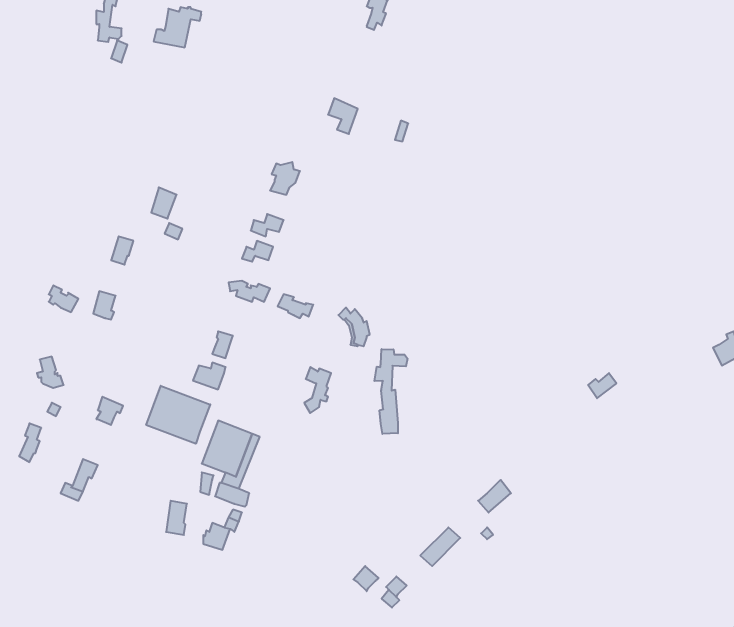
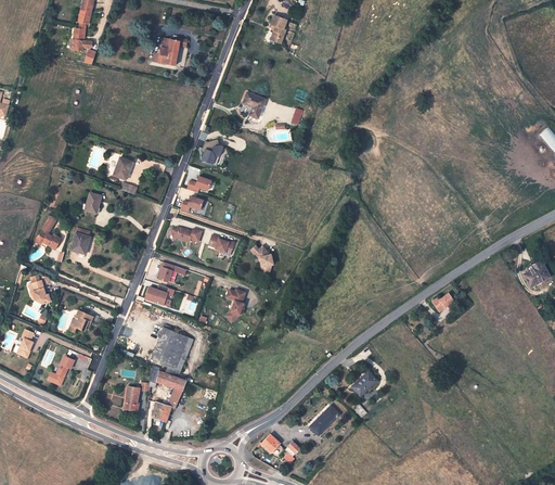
building: [154,7,201,47] -> [152,37,186,66]
building: [374,349,407,434] -> none
building: [146,386,210,444] -> none

